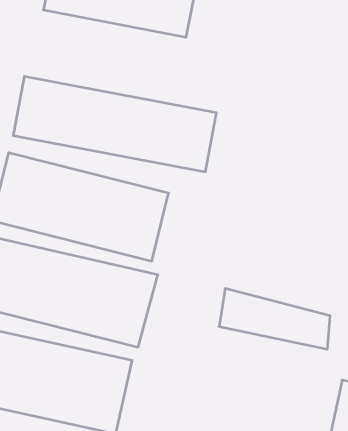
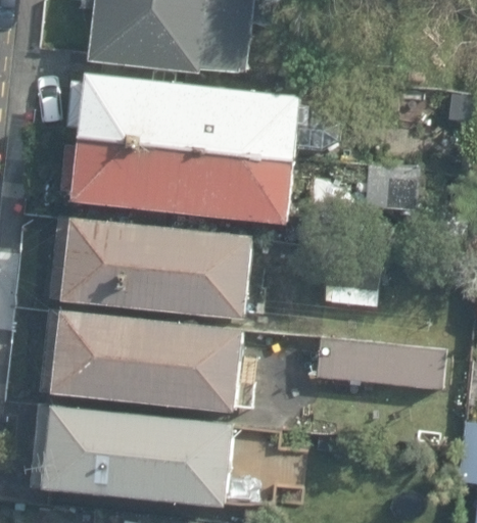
building: none -> [80,75,299,148]

